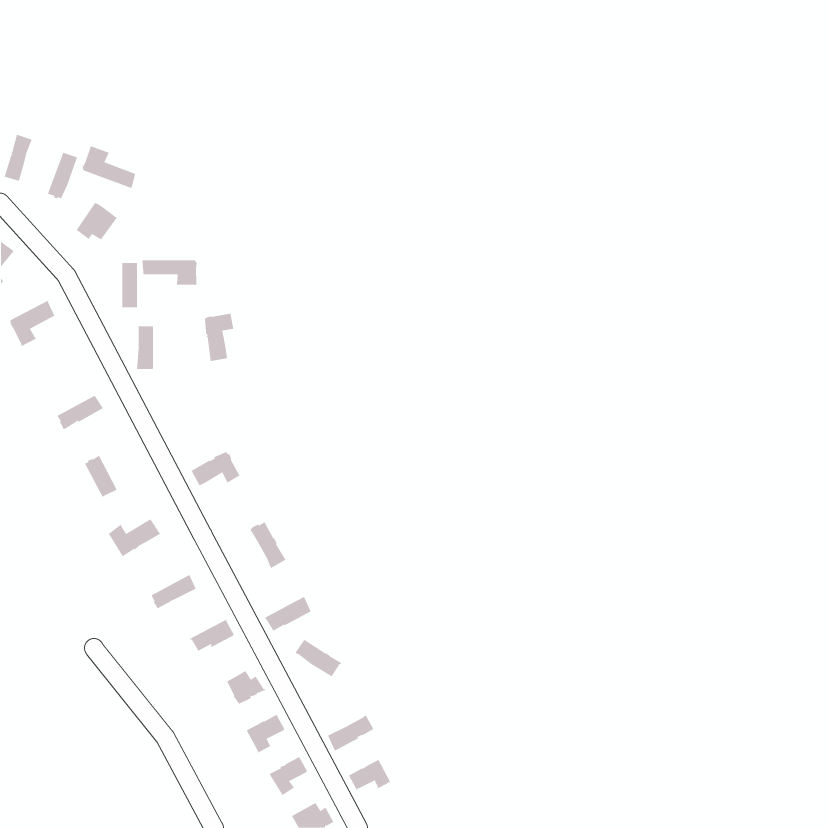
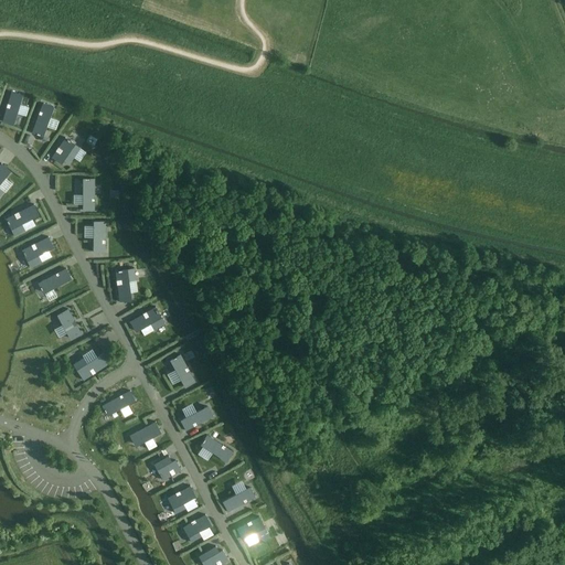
building: [81,145,136,189] -> none
building: [139,260,199,286] -> none
building: [204,313,234,363] -> [115,268,136,302]
building: none -> [20,236,52,267]

